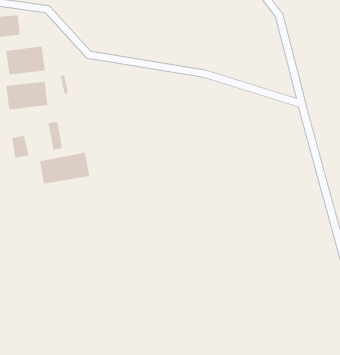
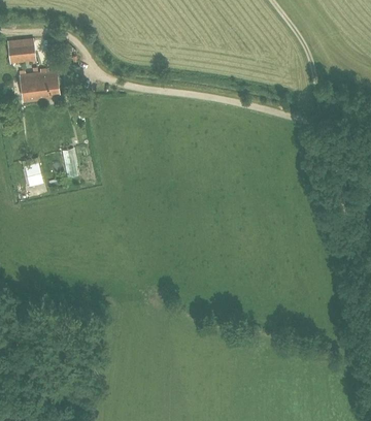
building: [6,81,48,111] -> none
building: [39,152,90,185] -> none

